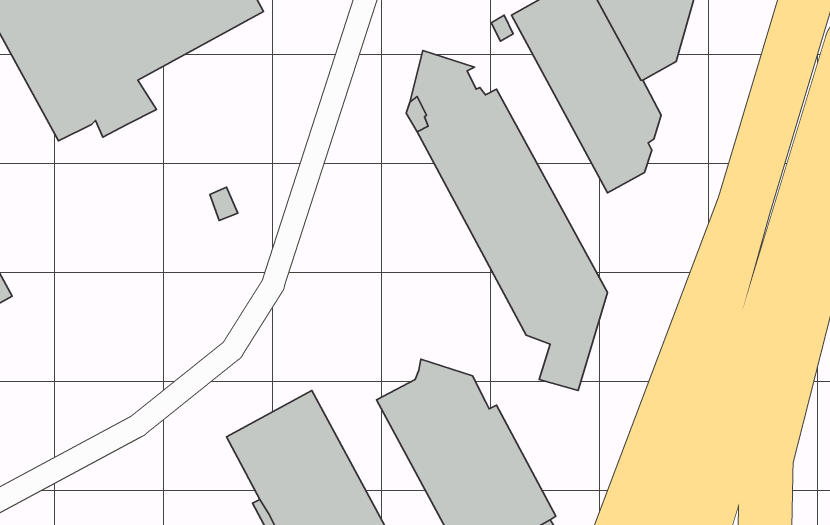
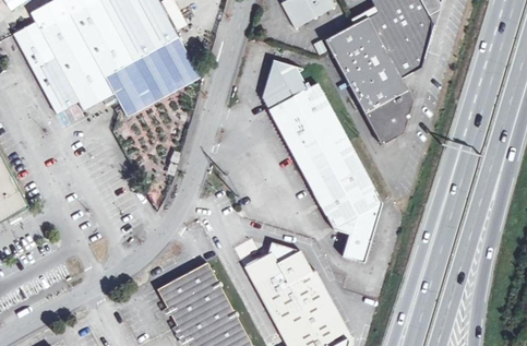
building: none -> [104,37,201,118]

